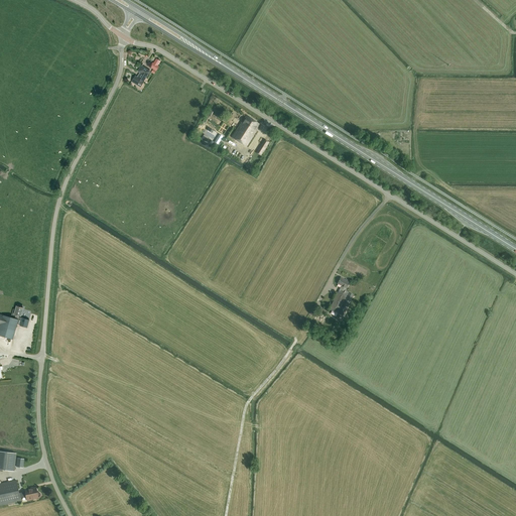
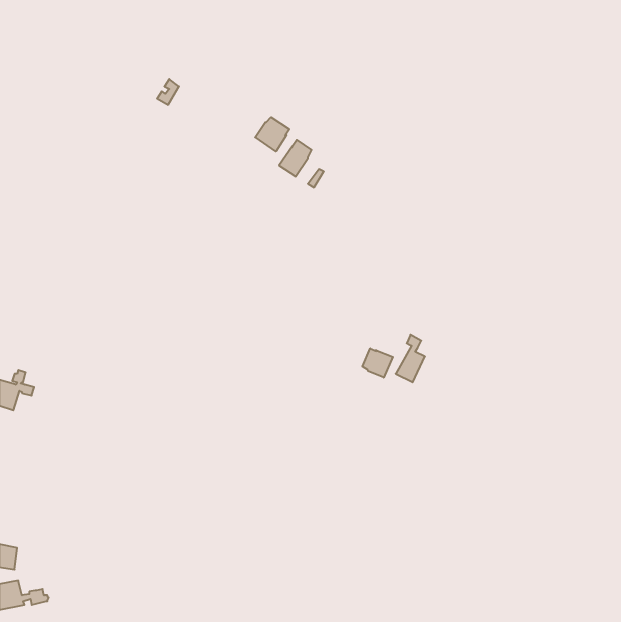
building: none -> [255,117,289,151]
building: none -> [362,348,393,378]

